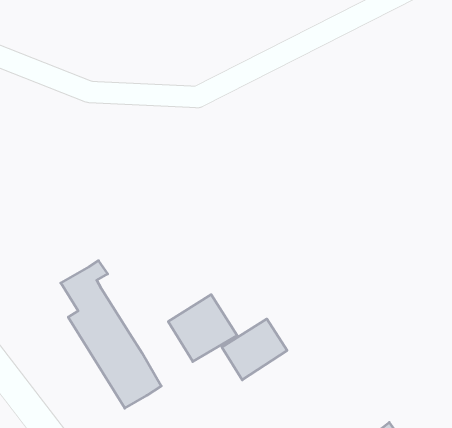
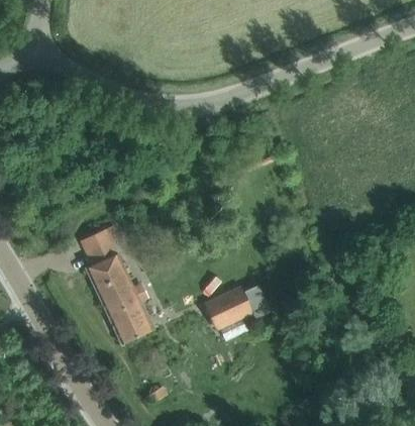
building: [168,295,237,362] -> none

